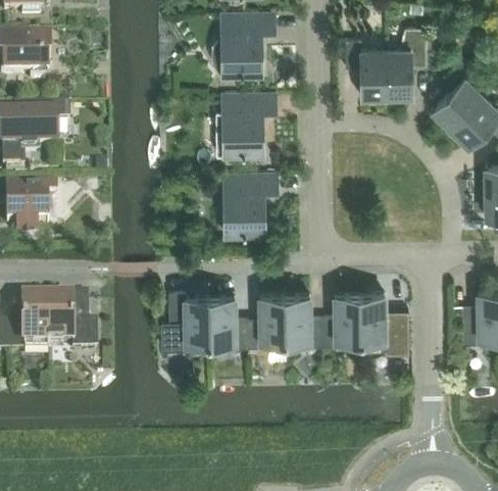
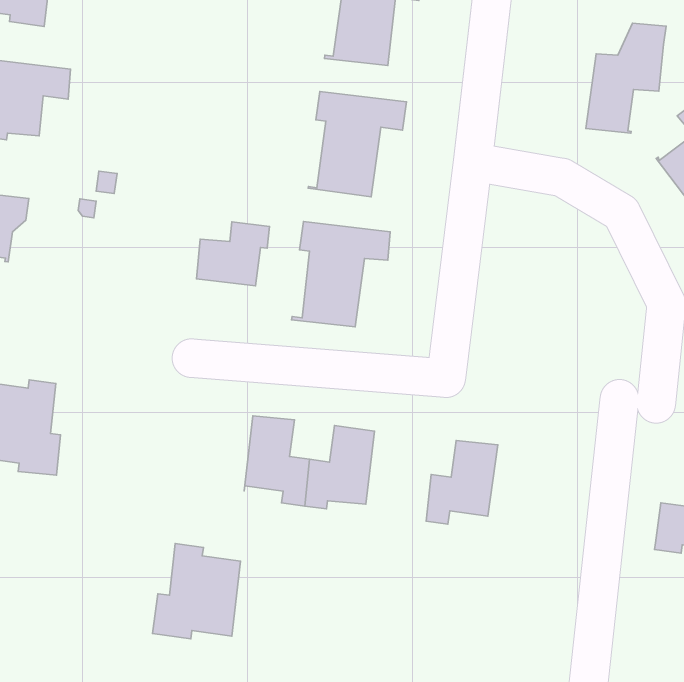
building: [345,39,386,95] -> none
building: none -> [196,222,269,286]
building: [162,291,210,347] -> [152,544,240,639]
building: [359,293,408,353] -> none
building: [284,294,322,345] -> none

